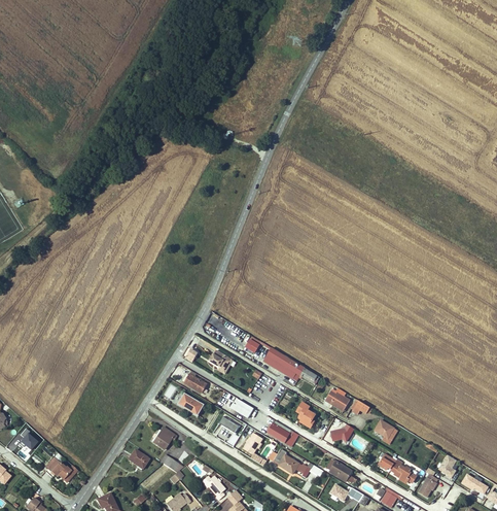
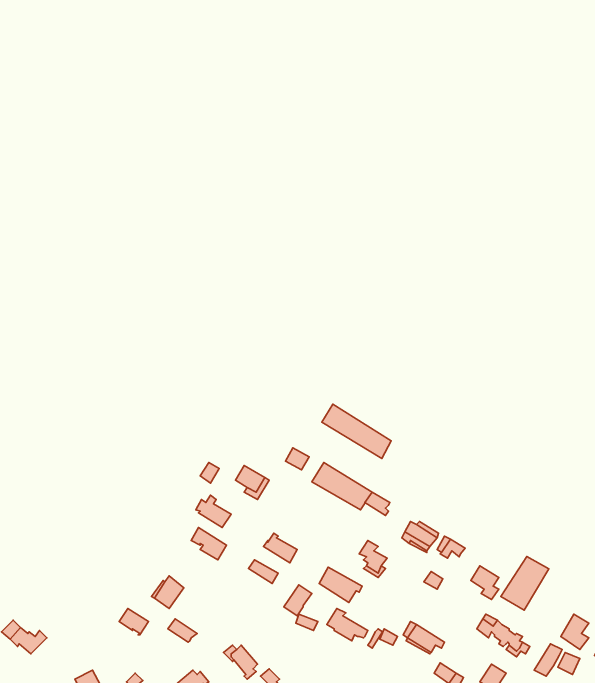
building: none -> [322,404,391,458]
building: none -> [501,556,549,610]

